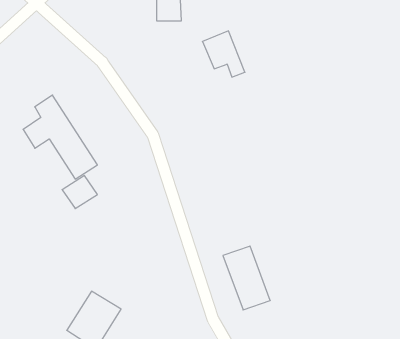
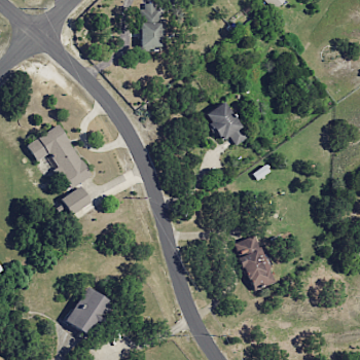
building: [202,31,245,77] -> [208,104,245,144]
building: [223,246,270,310] -> [233,235,275,290]

